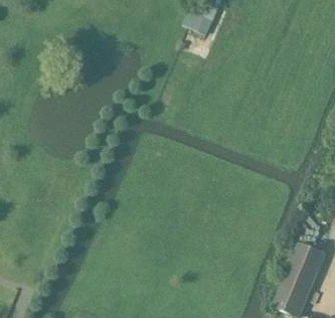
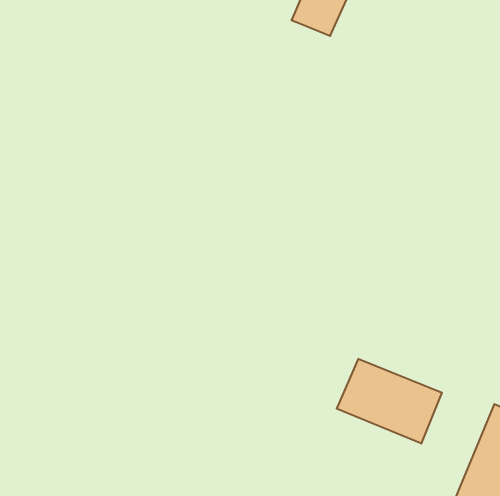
building: none -> [337,359,442,444]

